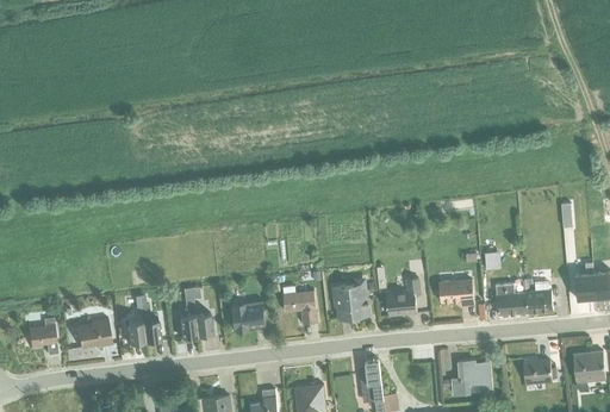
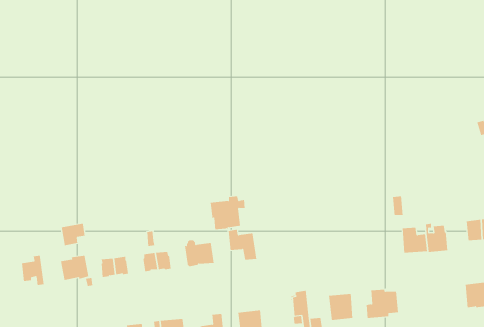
building: none -> [61,223,85,246]
building: [330,277,374,319] -> [210,196,246,230]
building: [385,277,421,317] -> none
building: [437,277,473,305] -> none
building: [522,356,555,383] -> none
building: none -> [329,293,353,321]

